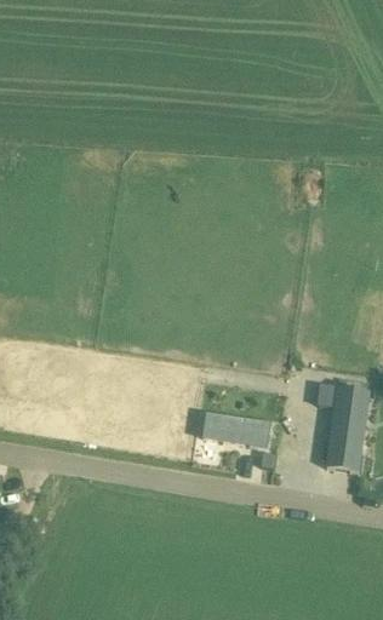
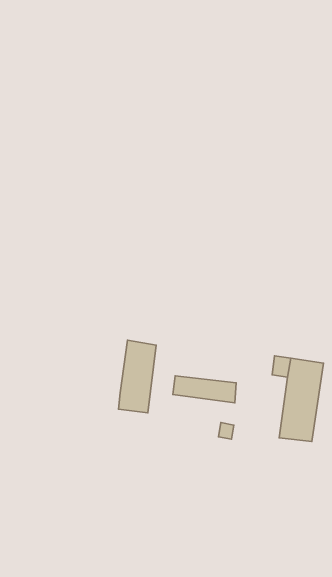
building: none -> [119,340,156,413]

